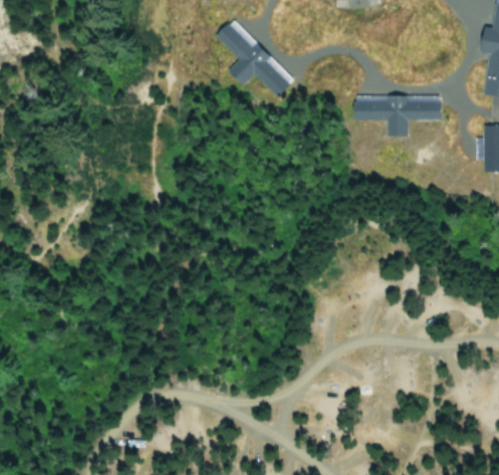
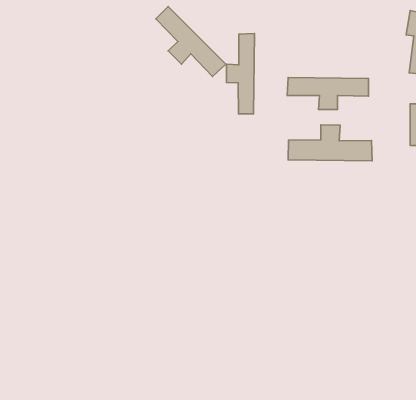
building: none -> [226,34,255,114]
building: none -> [288,125,372,161]

